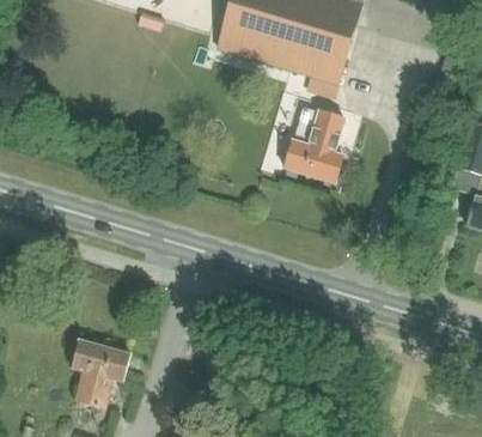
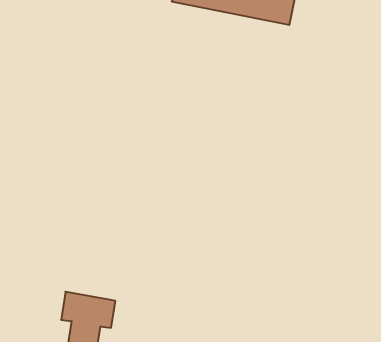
building: [283,111,343,183] -> none

